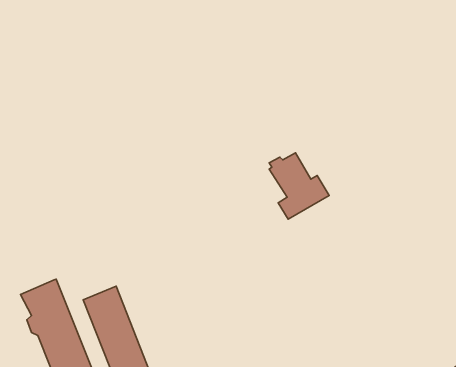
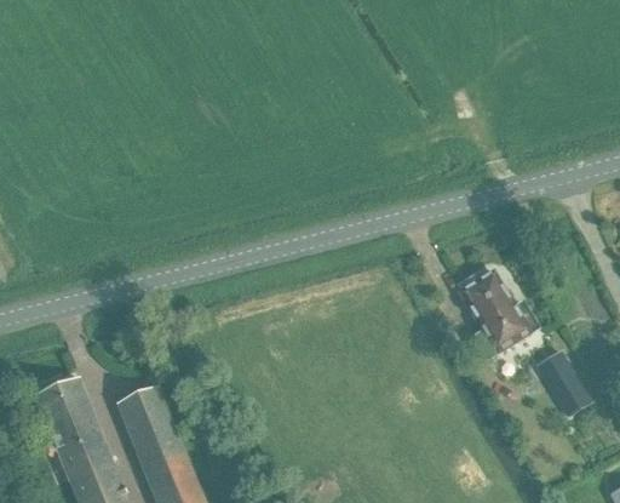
building: [269,153,329,219] -> [459,270,539,359]
building: none -> [538,350,595,417]

